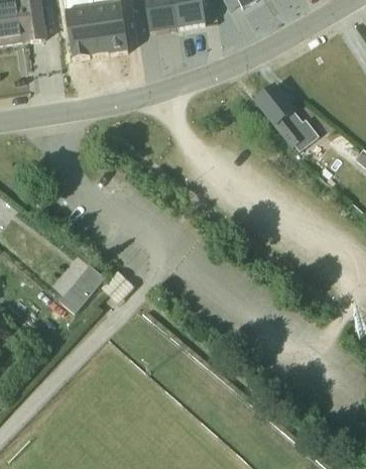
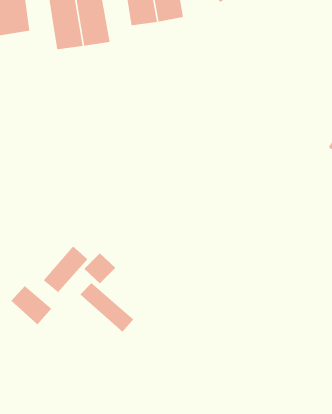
building: [255,85,319,151] -> none
building: none -> [80,282,134,332]
building: none -> [10,285,52,325]

